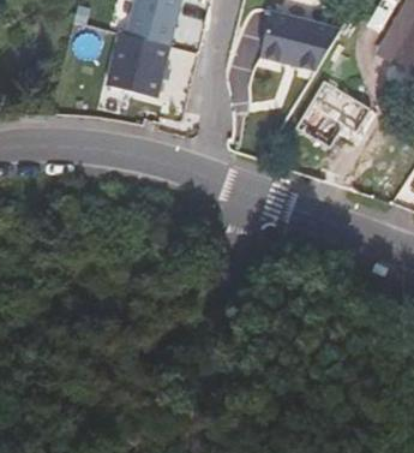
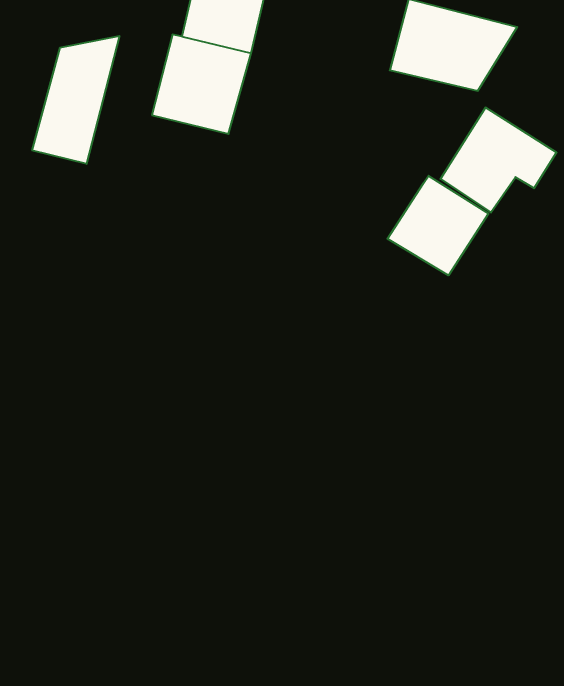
building: none -> [32,36,119,164]
building: none -> [387,176,488,275]

